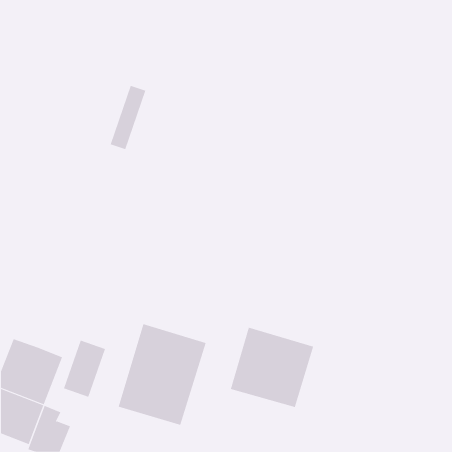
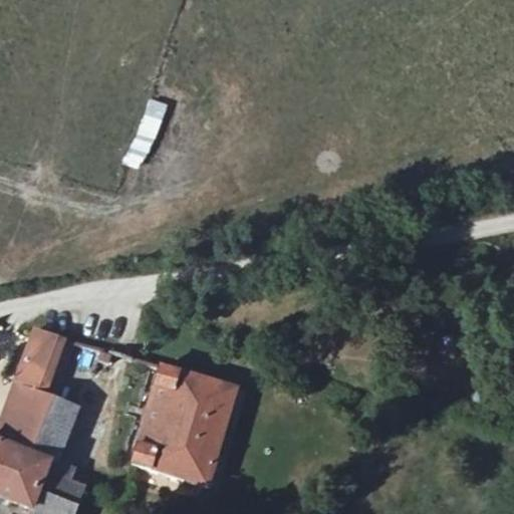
building: [230,327,314,408] -> none
building: [63,340,106,397] -> [16,328,64,394]

